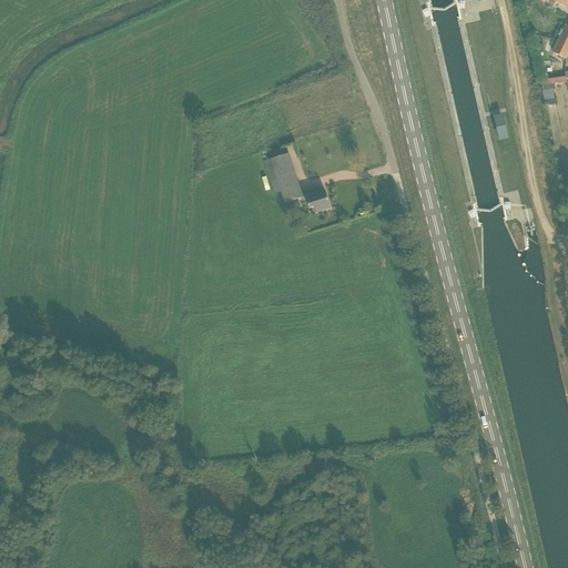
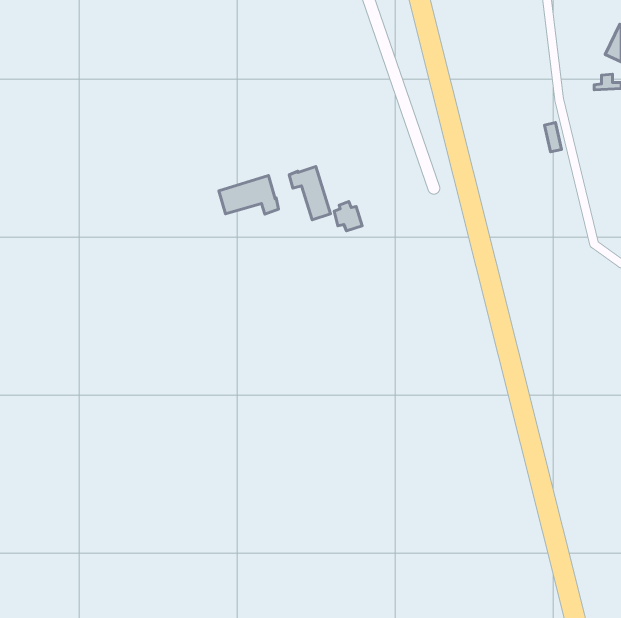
building: none -> [219,176,279,214]

